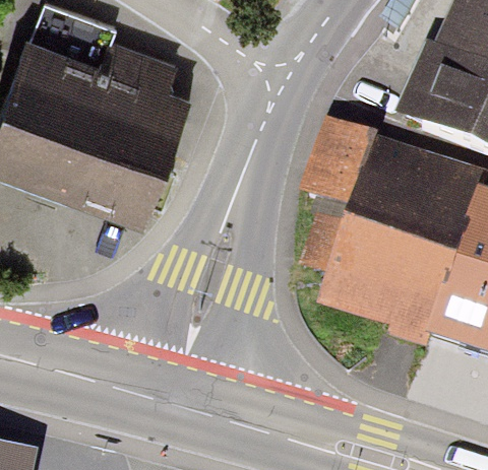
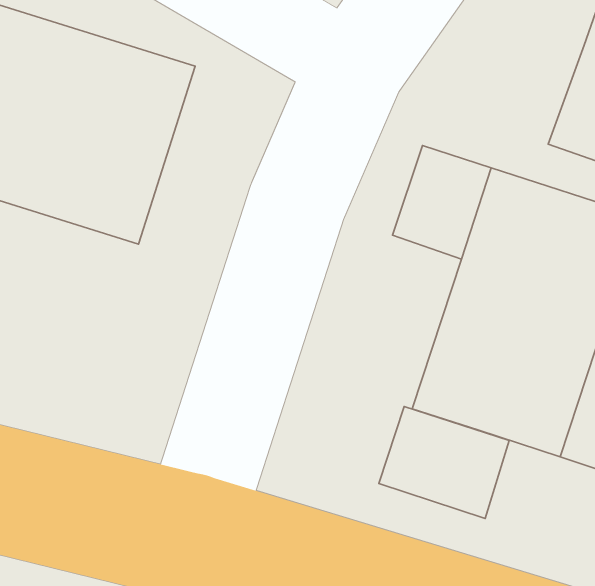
building: none -> [379,406,509,519]

